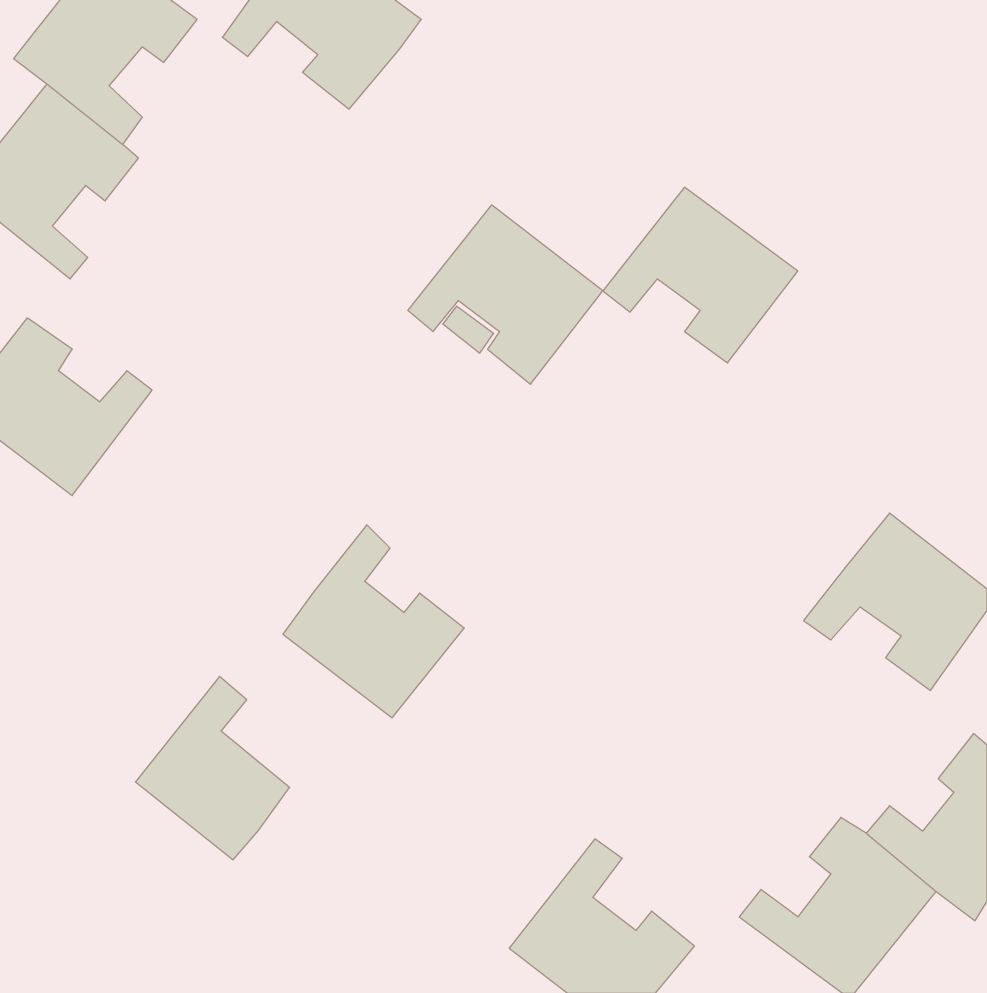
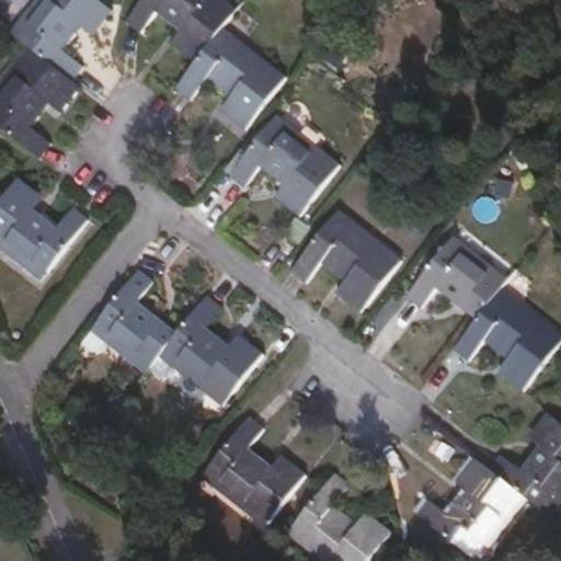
building: none -> [175,27,286,128]
building: [603,187,798,363] -> [289,211,399,310]
building: none -> [405,236,507,318]
building: [135,676,290,860] -> [90,270,176,373]
building: none -> [199,415,304,526]

